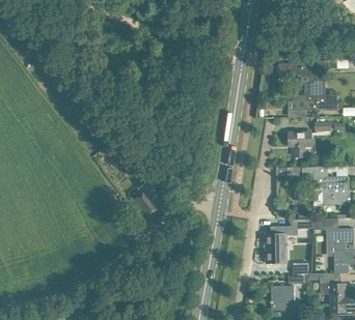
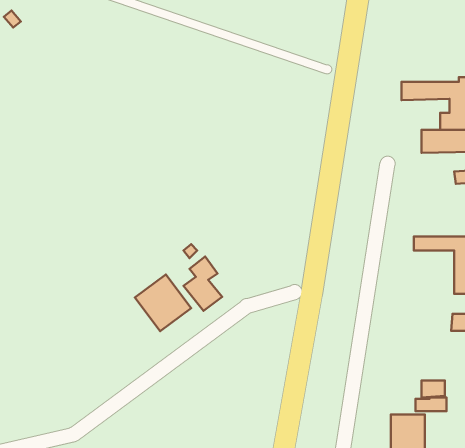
building: [289,133,311,157] -> none
building: none -> [135,274,191,331]
building: [265,226,291,264] -> none

